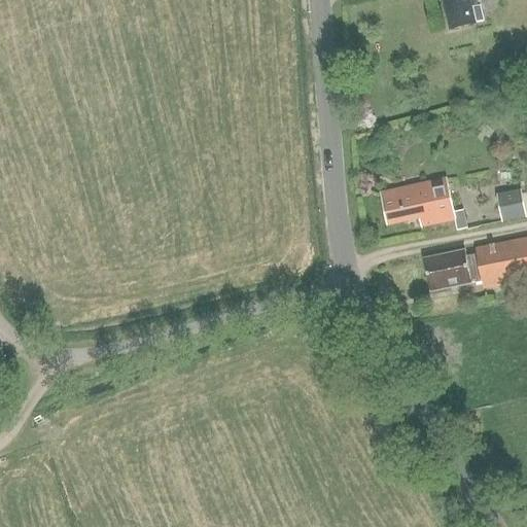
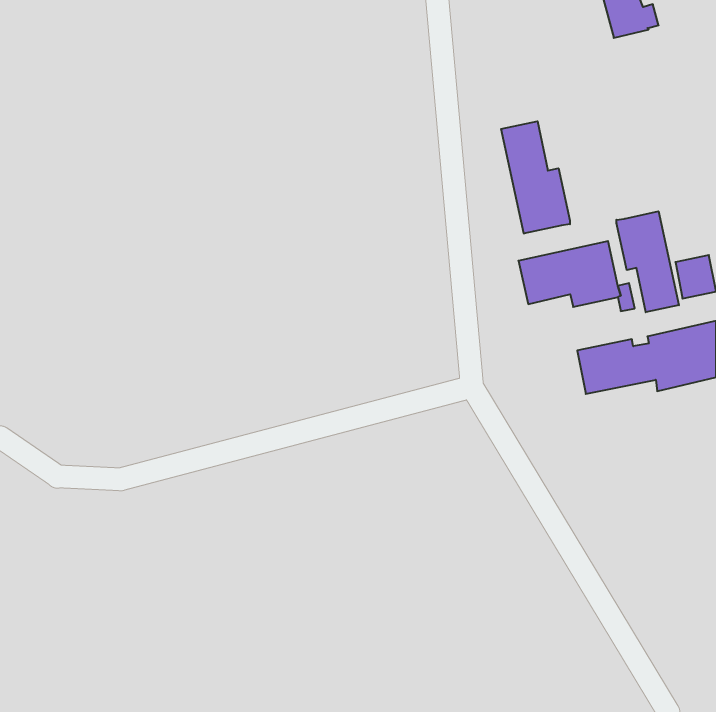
building: none -> [501,121,570,234]
building: none -> [616,211,679,312]

